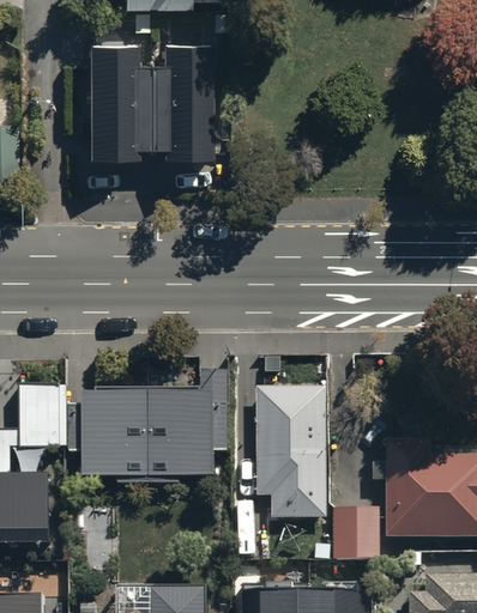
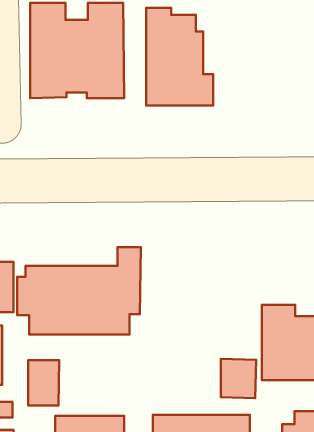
building: none -> [146,8,213,106]
building: [258,383,324,516] -> none
building: none -> [28,360,59,406]

